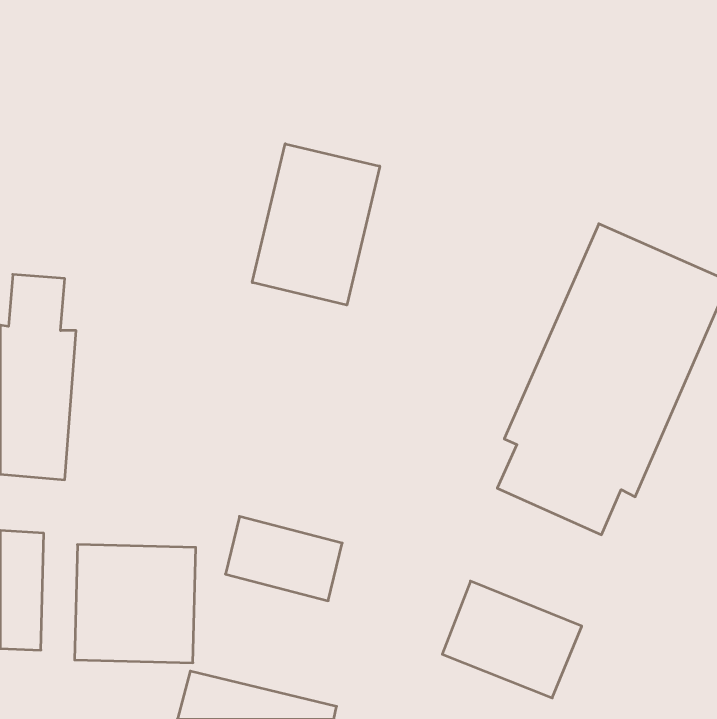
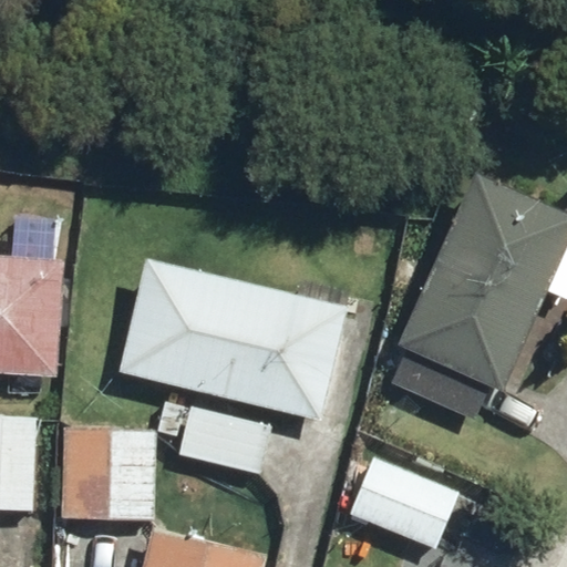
building: [252,144,380,305] -> none
building: none -> [118,259,346,421]

